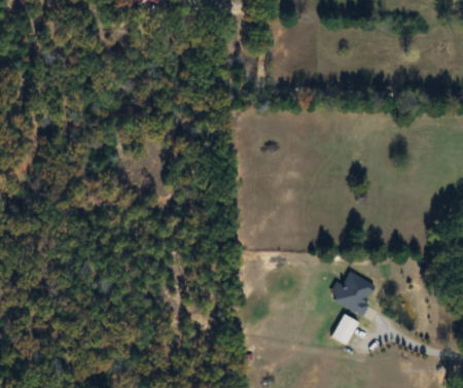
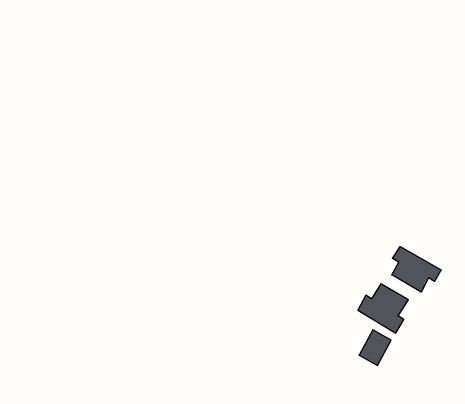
building: none -> [392,247,441,292]

